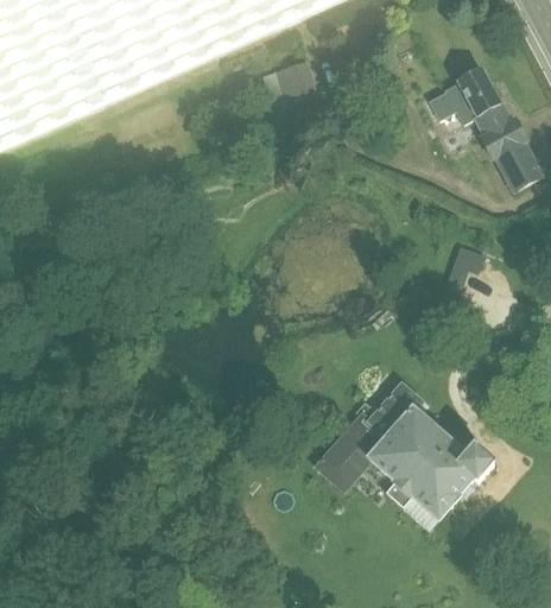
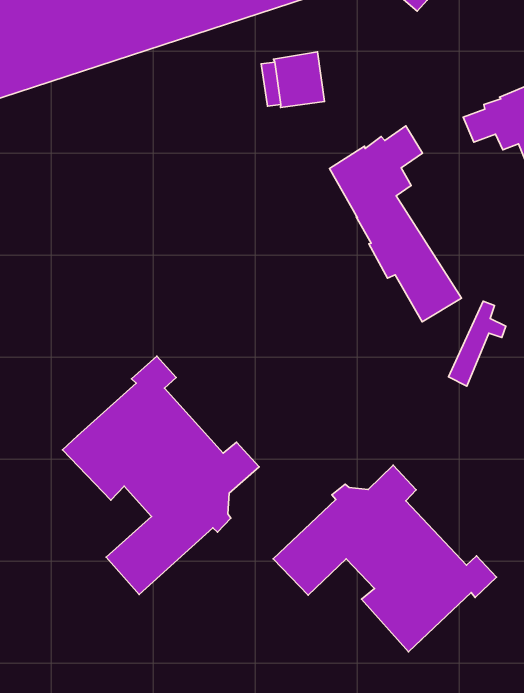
building: none -> [330,126,462,322]
building: none -> [63,356,259,595]

